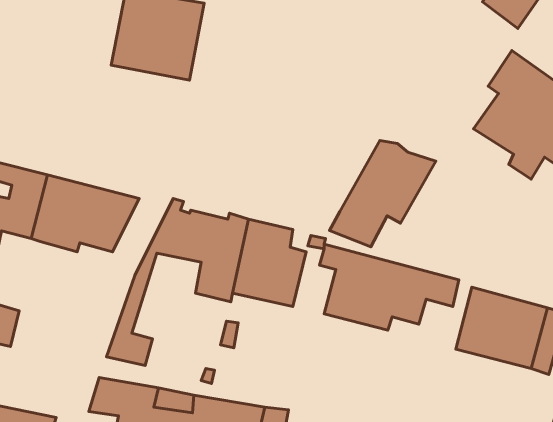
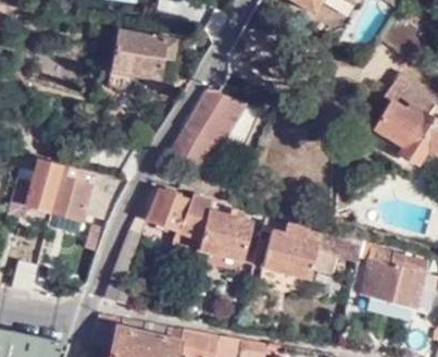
building: [329,140,436,247] -> [168,88,247,167]

